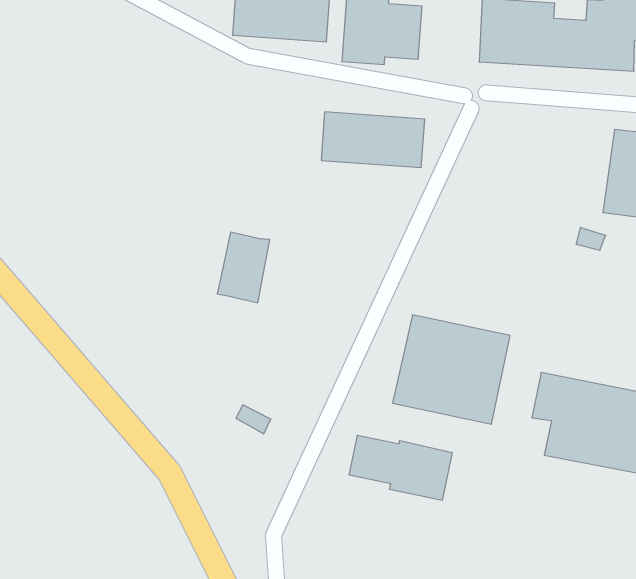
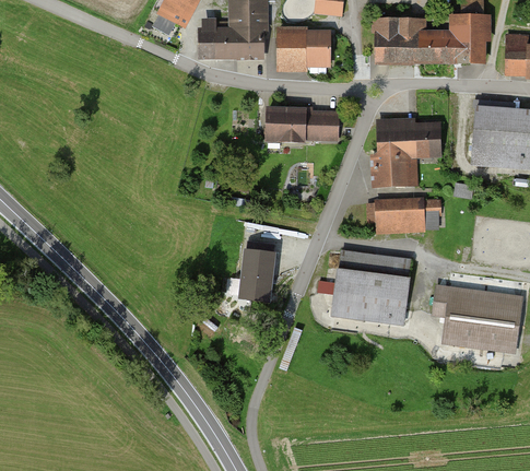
building: none -> [370,118,443,188]
building: [217,232,270,303] -> [239,249,274,298]
building: none -> [374,198,441,233]
building: [349,435,452,500] -> none

